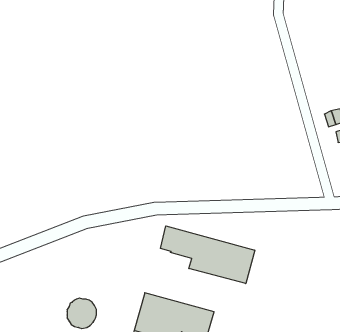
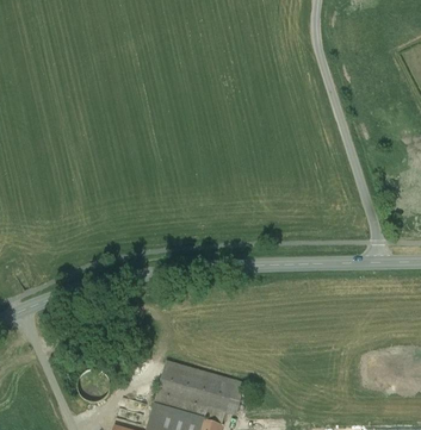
building: [160,226,255,284] -> none

